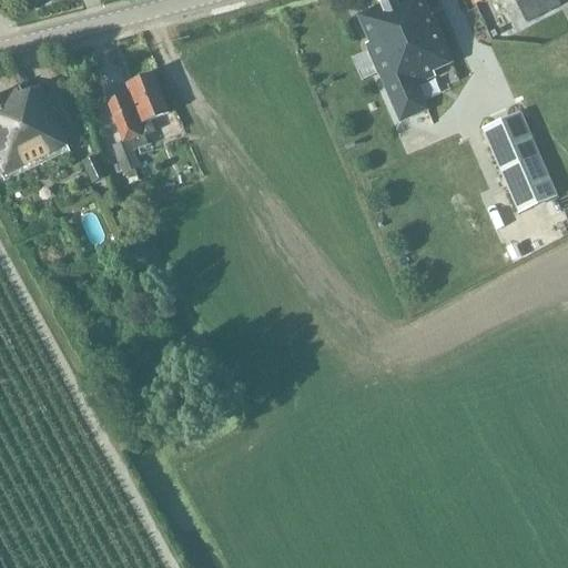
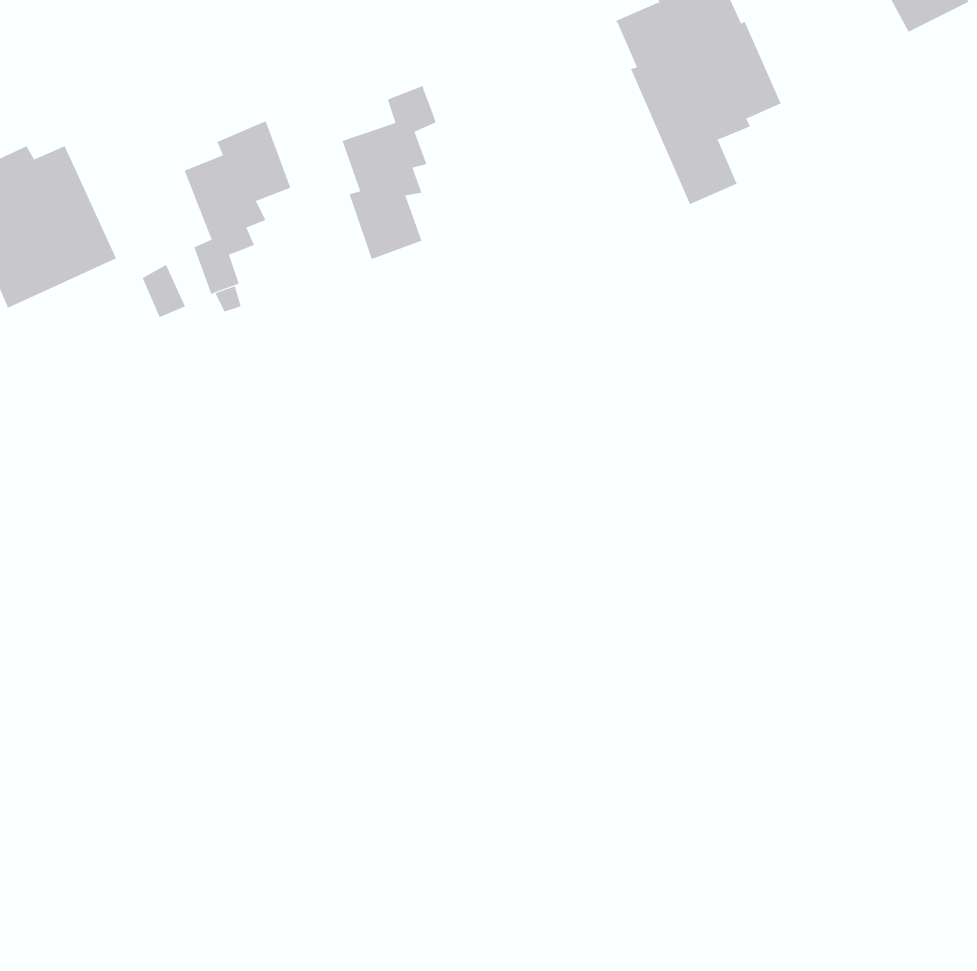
building: none -> [342,85,436,260]
building: [480,109,557,212] -> none

